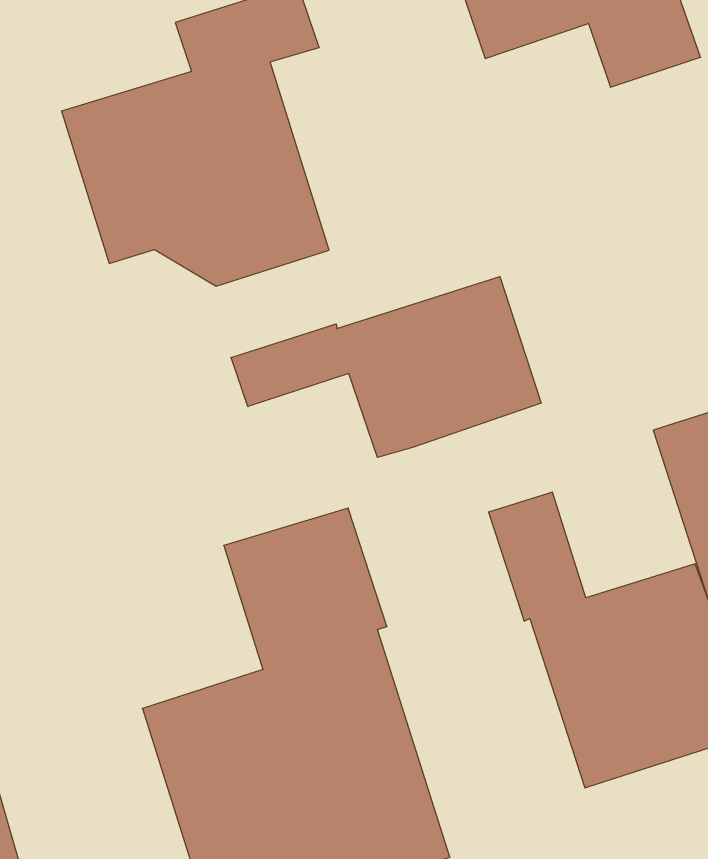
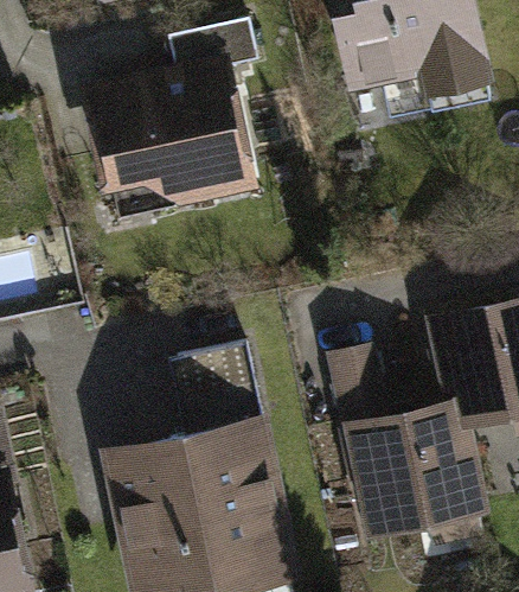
building: [231,277,541,457] -> none

